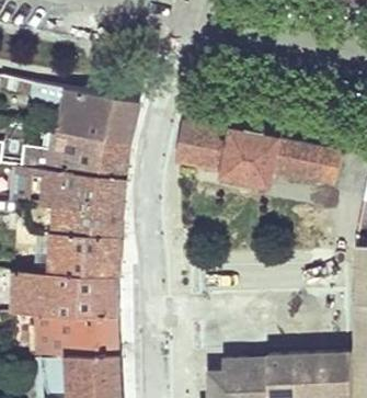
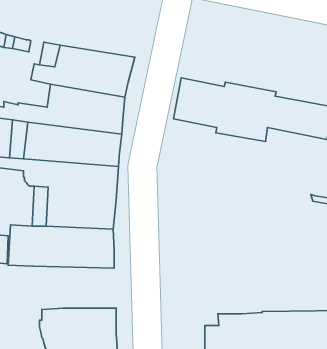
building: [36,312,121,356] -> none

